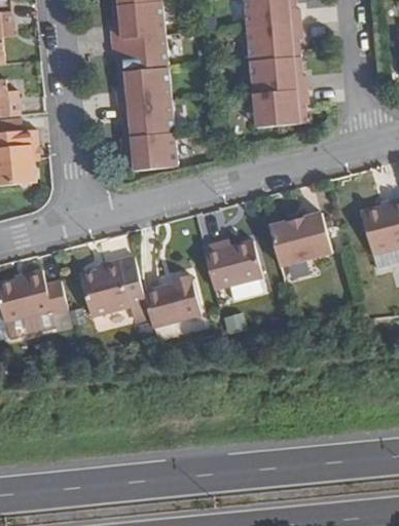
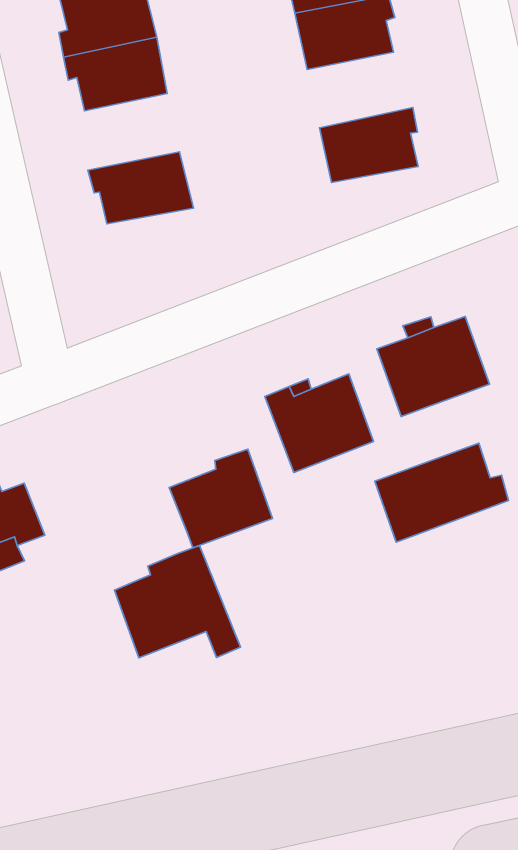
building: [249,58,306,96] -> none
building: [116,66,171,104] -> none
building: [120,133,178,167] -> none
building: [81,256,149,321] -> [114,546,241,658]
building: none -> [375,443,508,542]

